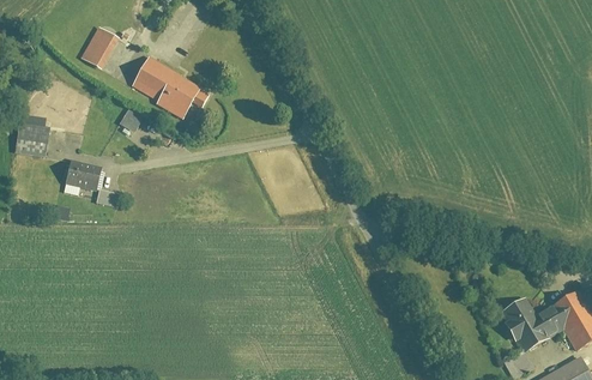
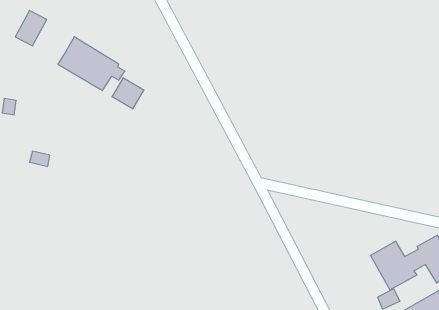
building: none -> [112,78,144,109]
building: [67,163,102,191] -> none

